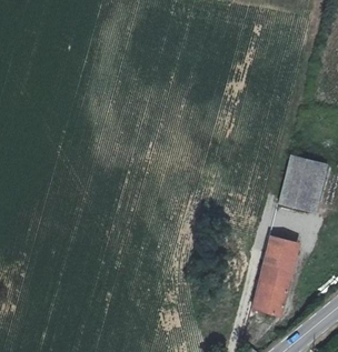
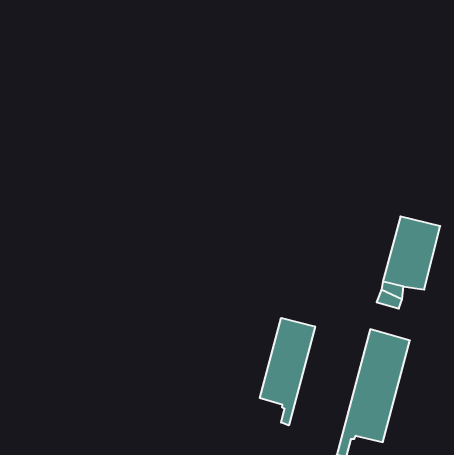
building: none -> [260,318,315,425]

